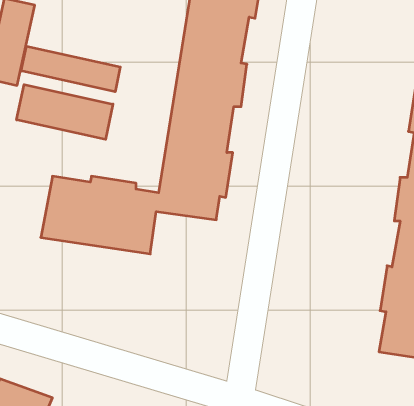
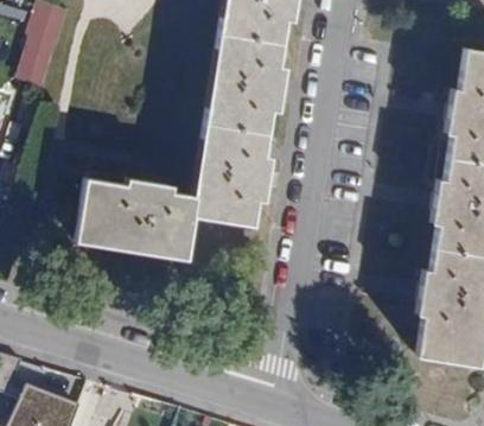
building: [21,46,120,92] -> none
building: [17,85,113,139] -> none

